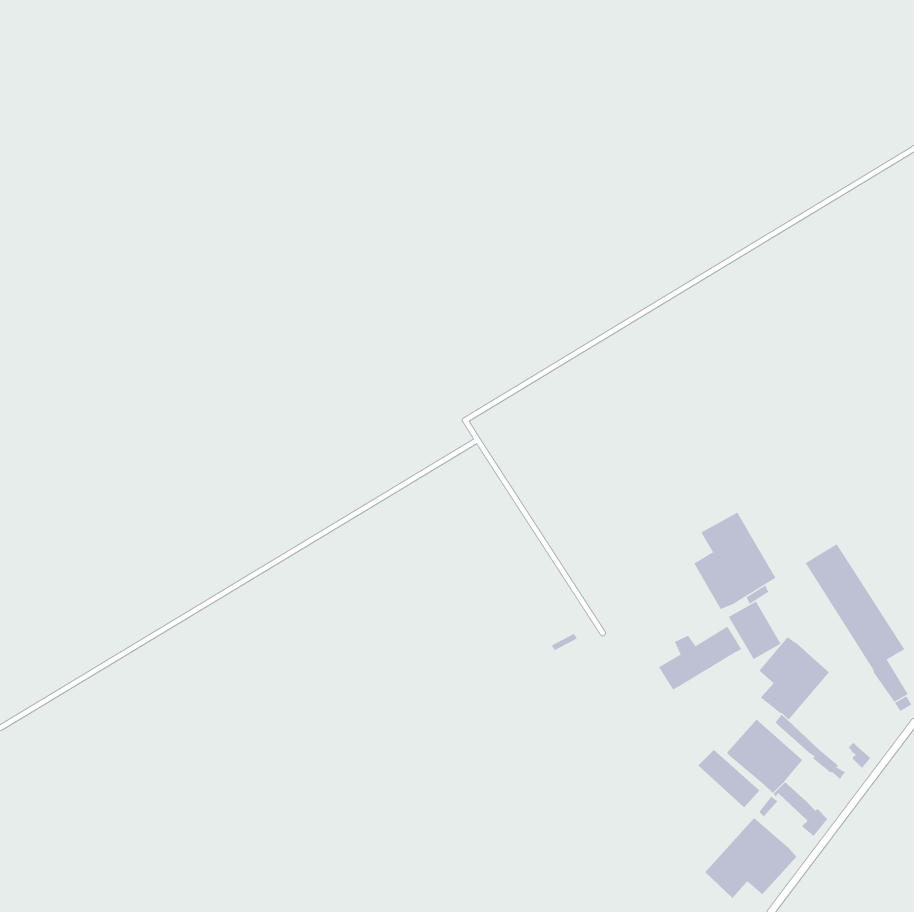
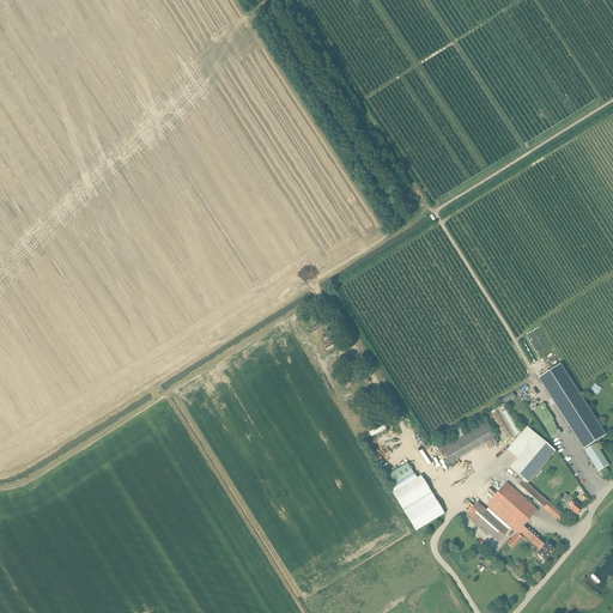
building: [694,512,776,610] -> none
building: none -> [393,475,431,509]
building: none -> [406,496,444,530]
building: [705,817,797,899] -> none

